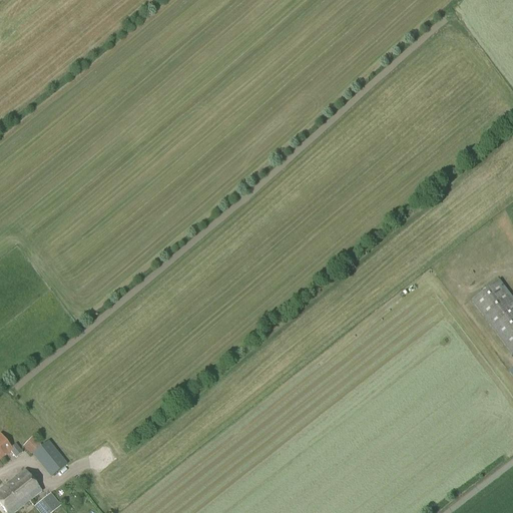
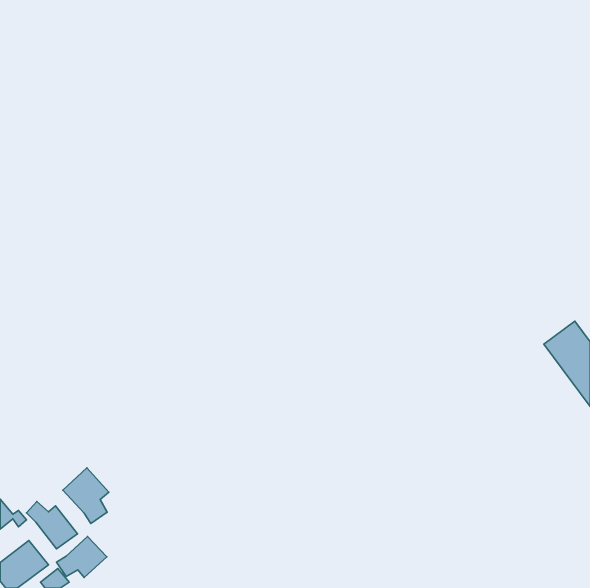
building: none -> [63,468,109,523]
building: none -> [57,536,107,577]

